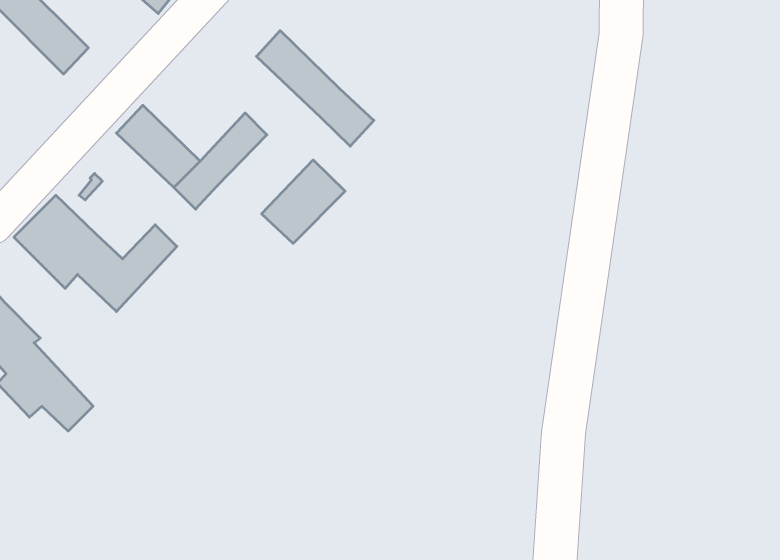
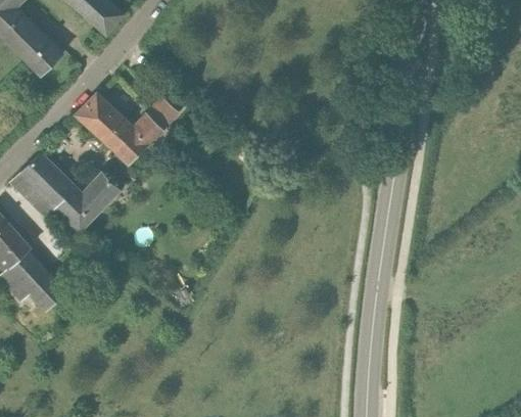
building: [256,31,374,146] -> none
building: [262,160,345,243] -> none

